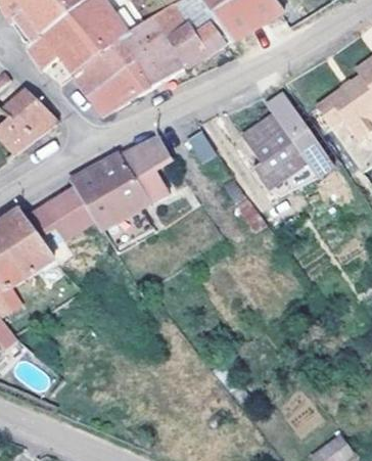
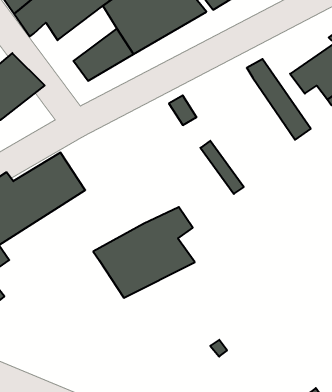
building: [72,38,133,95] -> none
building: [240,112,308,184] -> none
building: [68,135,174,229] -> [93,207,195,298]

